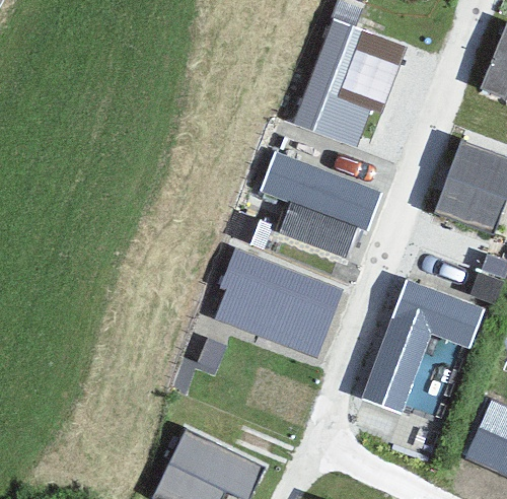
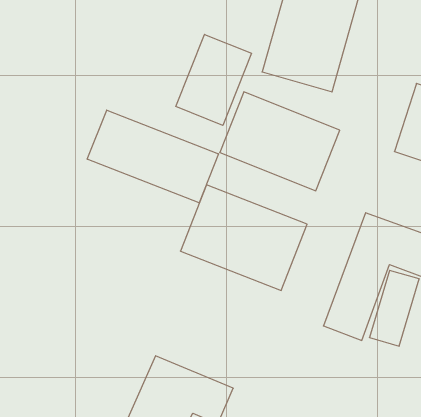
building: none -> [176,34,252,125]
building: none -> [87,110,218,203]

